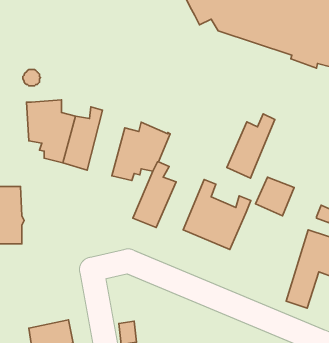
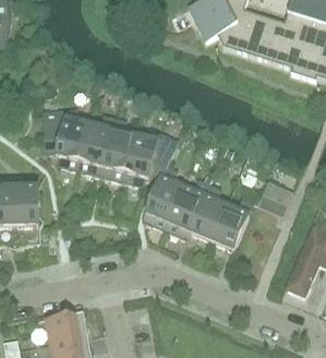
building: none -> [99,118,134,179]
building: [227,114,275,178] -> [164,177,208,237]

